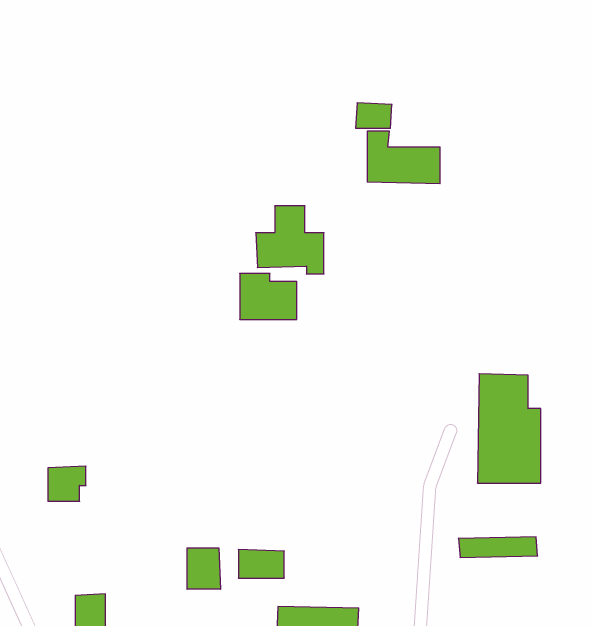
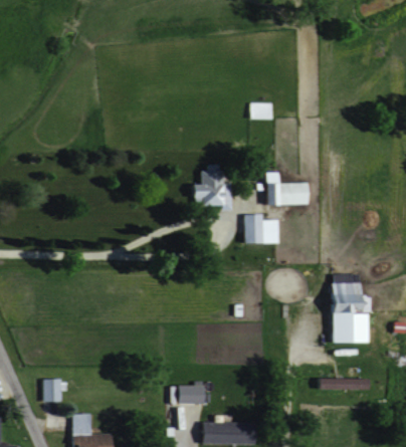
building: [367,131,440,184] -> [265,172,312,205]
building: [240,273,297,319] -> [243,214,279,243]
building: [48,466,86,501] -> [45,379,69,401]
building: [187,548,221,589] -> none

